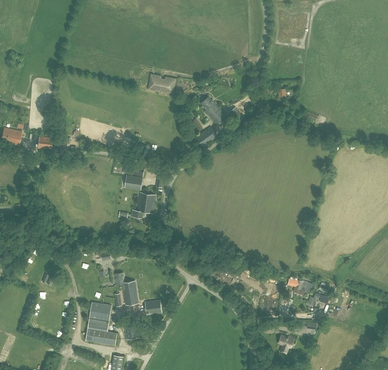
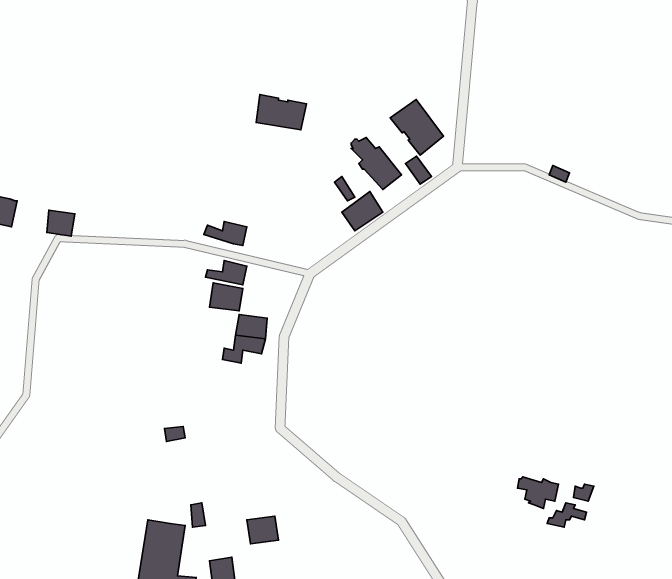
building: none -> [390,99,443,155]
building: [114,272,138,305] -> none

